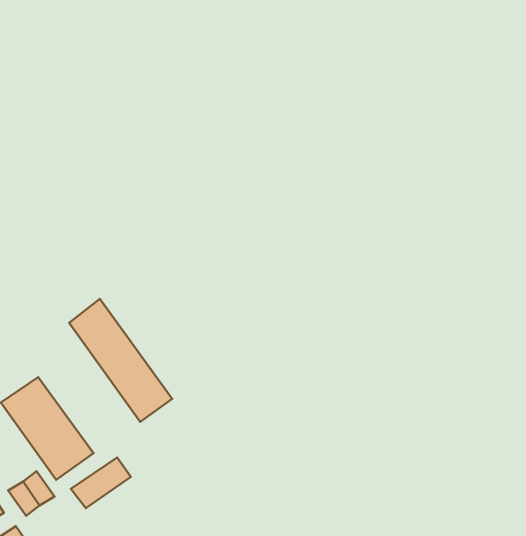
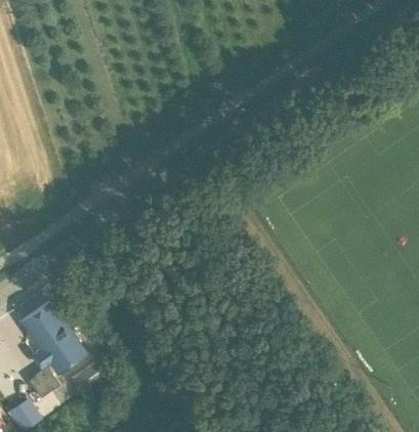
building: [69,299,172,422] -> none

